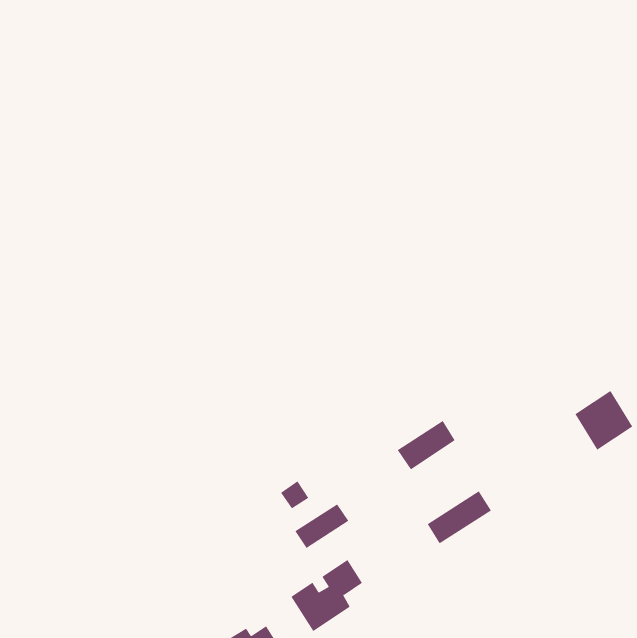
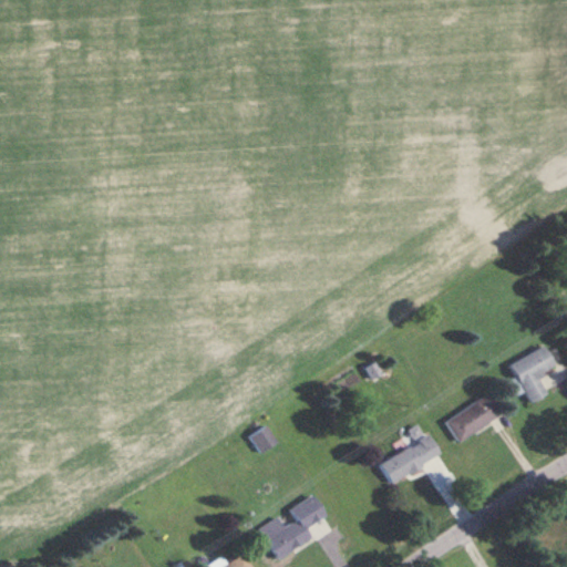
building: [397,420,456,470] -> [445,396,497,441]
building: [295,504,349,549] -> none

